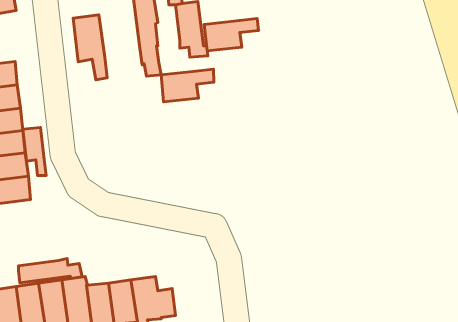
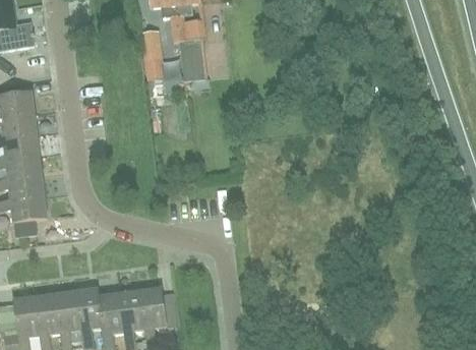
building: [73,15,107,80] -> none
building: [204,19,258,51] -> none
building: [161,69,214,102] -> none
building: [23,127,46,176] -> none
building: [18,259,82,283] -> none

